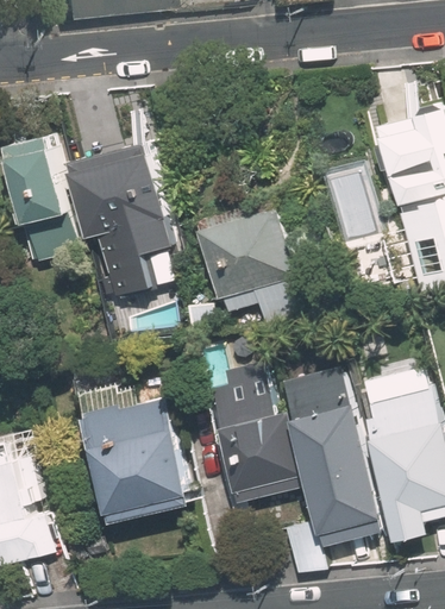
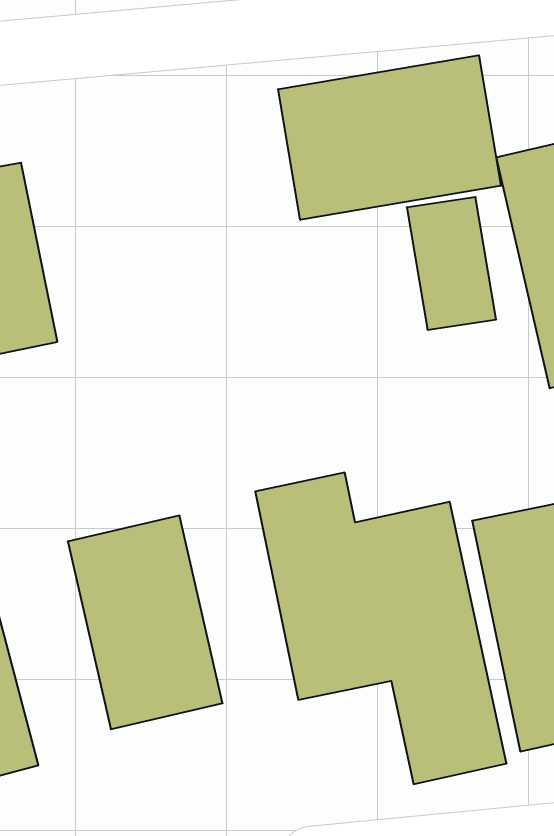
building: none -> [278,55,501,220]
building: [63,143,167,287] -> none
building: [194,202,303,328] -> none

